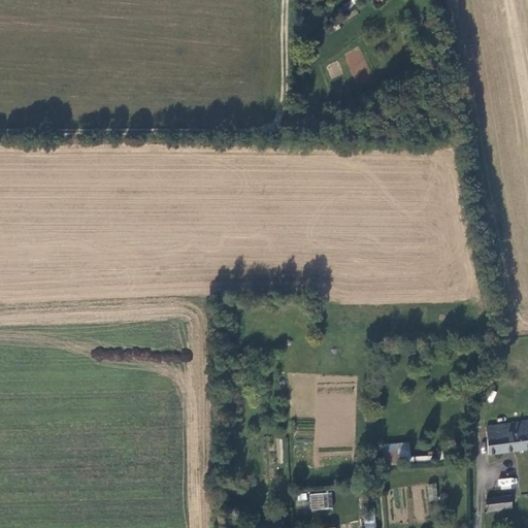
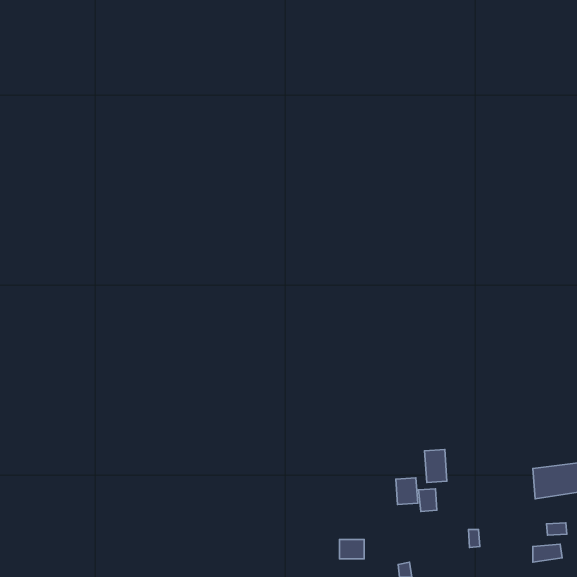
building: none -> [425,450,447,482]
building: none -> [396,478,418,504]

